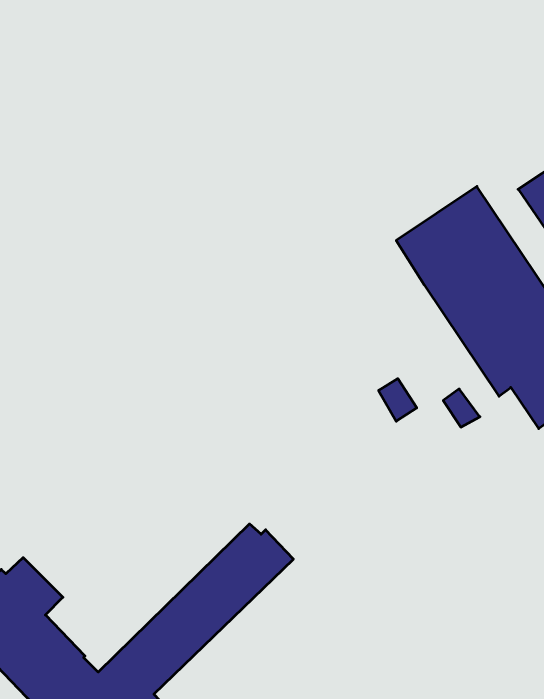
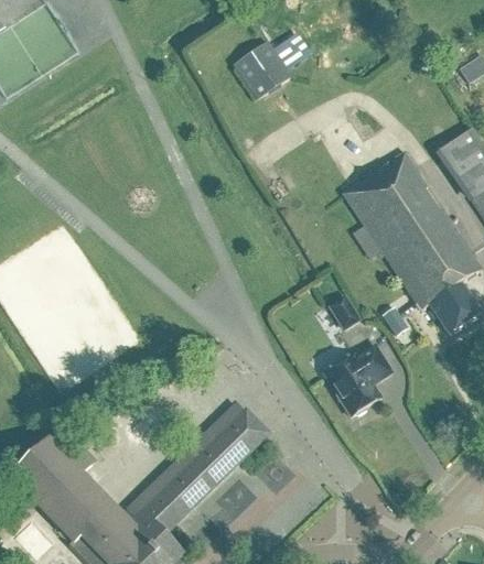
building: none -> [236,44,293,100]
building: none -> [325,346,394,416]

